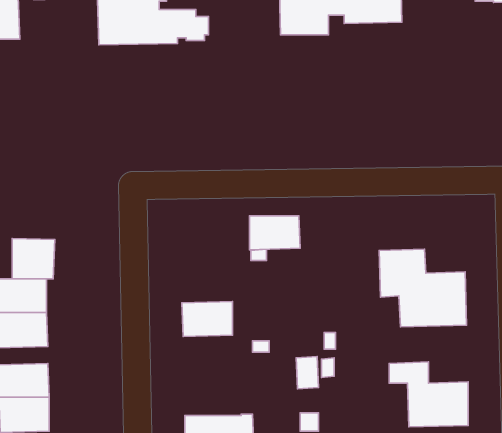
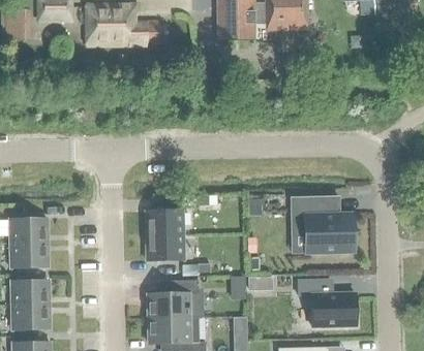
building: [249,216,300,250] -> [146,211,183,235]
building: [12,238,55,279] -> none
building: none -> [147,280,198,318]

